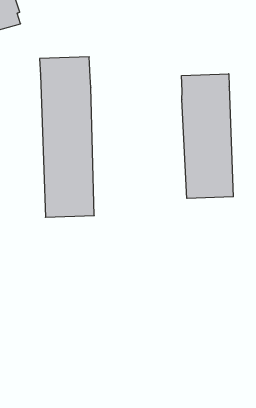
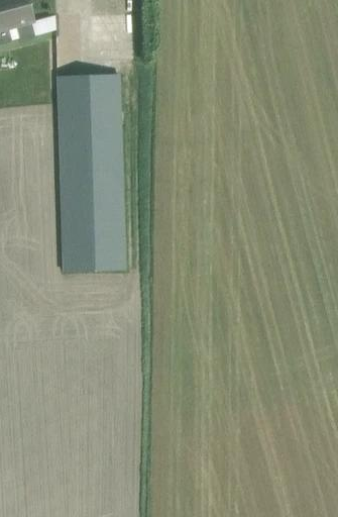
building: [182,74,233,198] -> none

